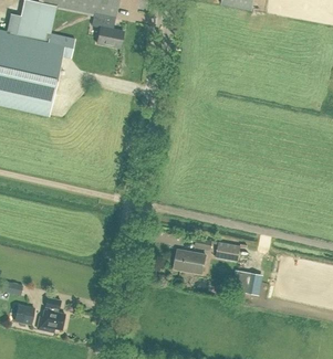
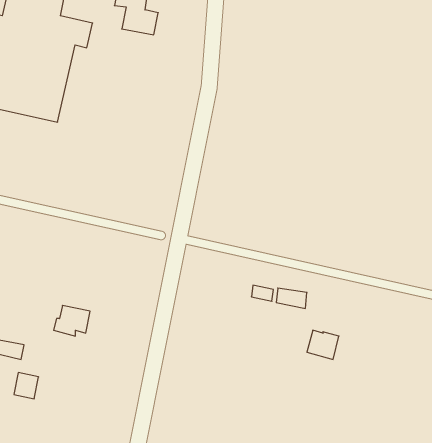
building: [174,251,206,273] -> none
building: [38,309,65,332] -> [54,305,90,336]

